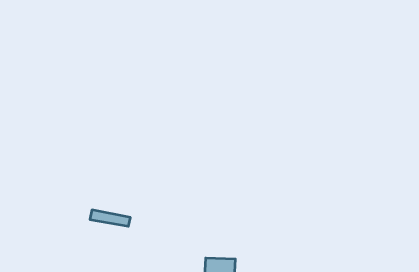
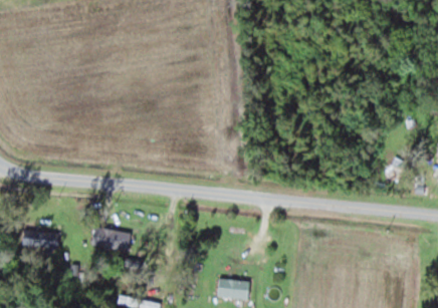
building: none -> [20,231,54,247]

